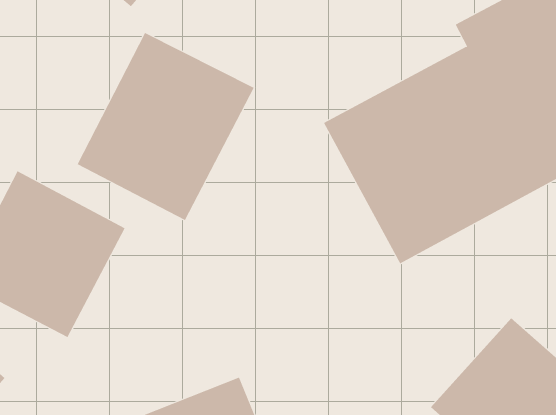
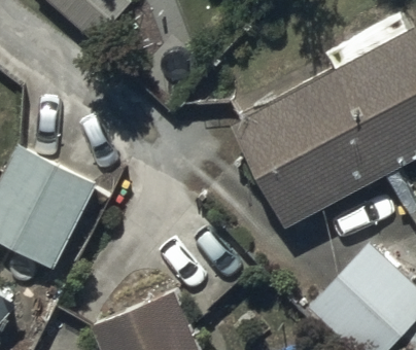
building: [77,32,254,221] -> none

